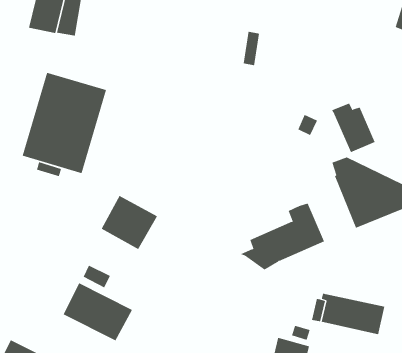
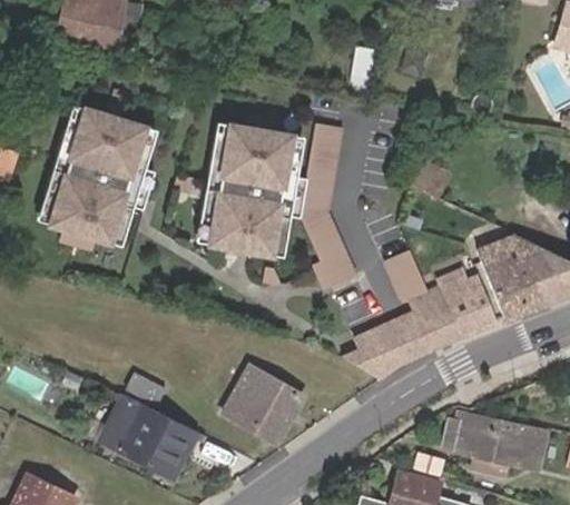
building: none -> [196,119,303,253]
building: none -> [299,122,356,284]
building: [331,103,375,153] -> [435,270,497,339]
building: none -> [389,254,425,300]
building: [101,195,158,250] -> [225,366,304,442]

